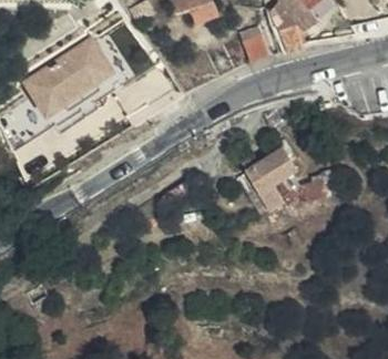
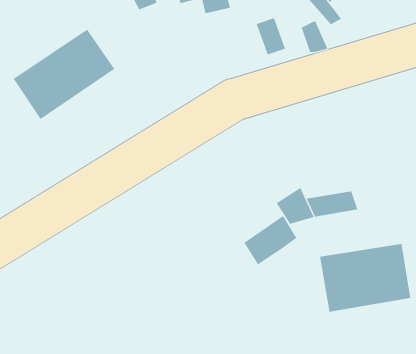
building: [245,146,293,191] -> [244,215,297,265]
building: none -> [319,243,411,312]

